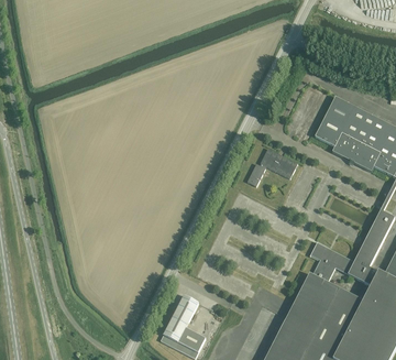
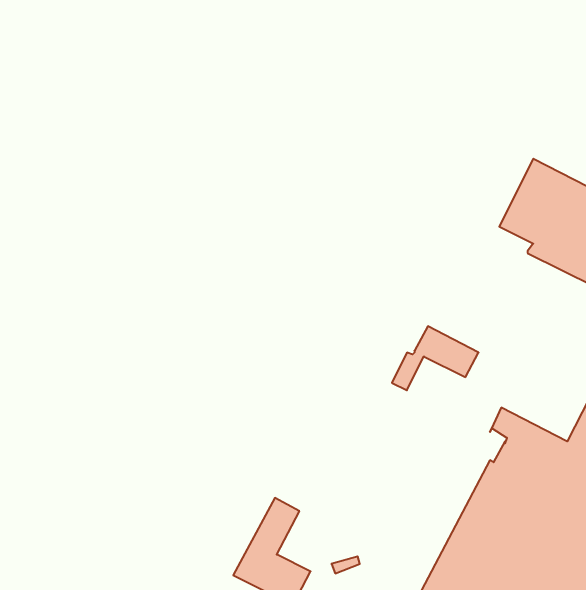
building: [246,149,297,186] -> [392,326,479,390]

